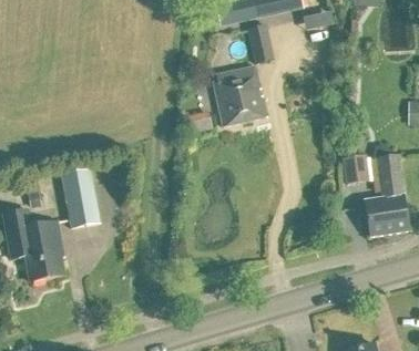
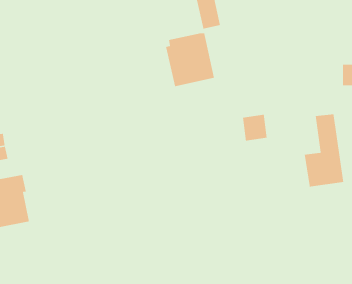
building: [343,153,370,183] -> [242,114,267,141]
building: [59,168,101,228] -> none

